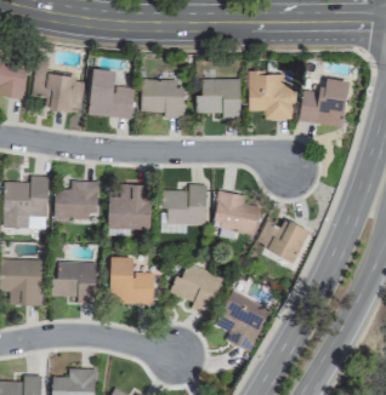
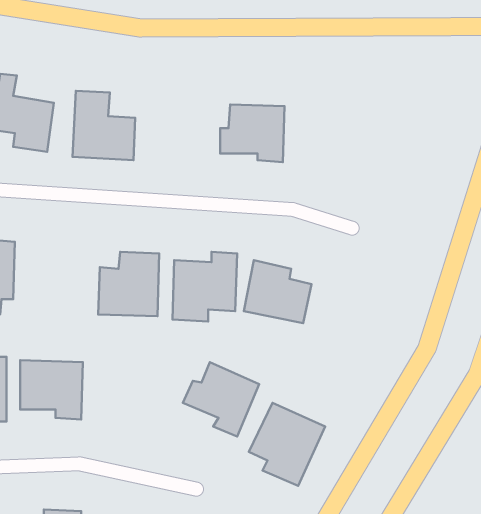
building: [249,73,293,120] -> none
building: [299,79,348,127] -> none
building: [141,81,185,119] -> none
building: [55,182,98,218] -> none
building: [256,219,310,262] -> none
building: [110,257,154,305] -> none

